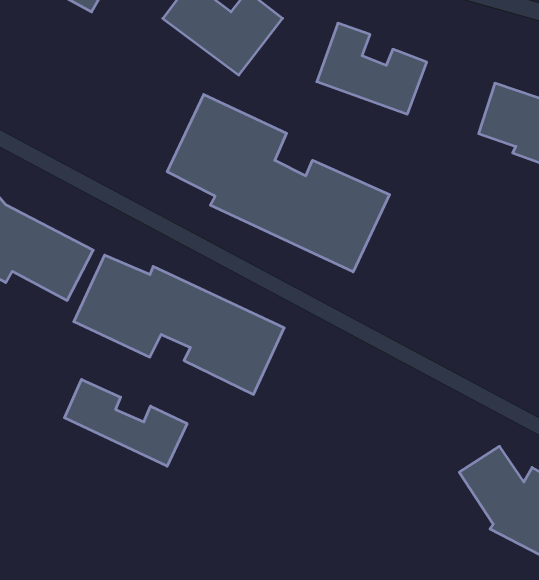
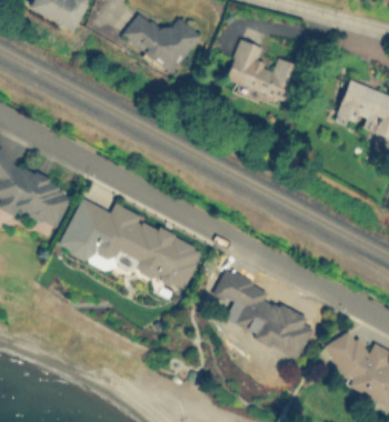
building: [167,94,390,272] -> none
building: none -> [213,269,317,360]
building: [64,379,187,466] -> none

